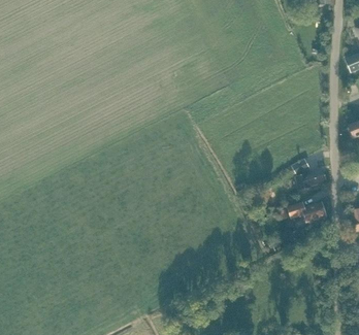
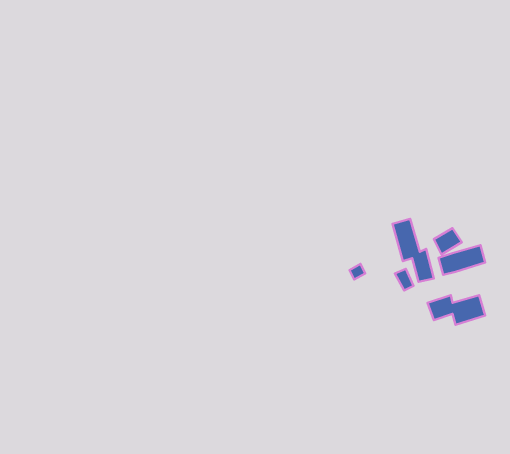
building: none -> [392,219,434,282]

